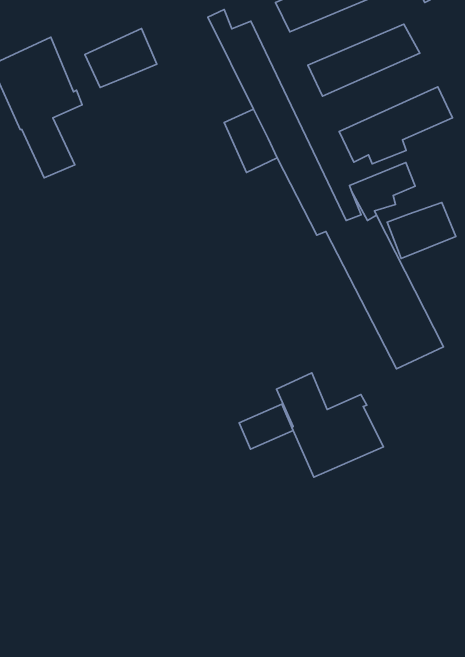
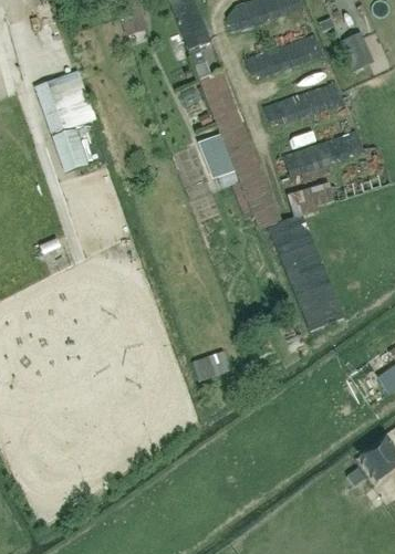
building: [85,29,157,88] -> none
building: [387,202,456,259] -> none
building: [277,373,384,477] -> none

